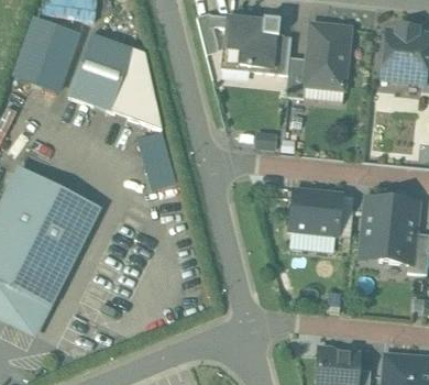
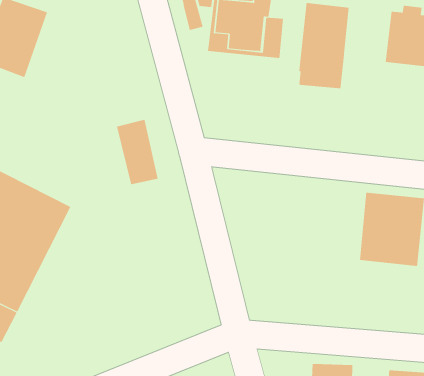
building: [67,32,162,125] -> none
building: [286,58,308,99] -> none
building: [289,187,341,239] -> none

